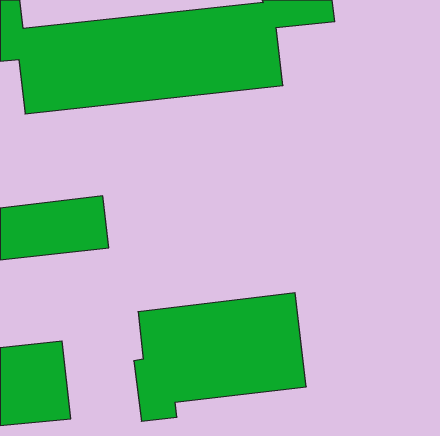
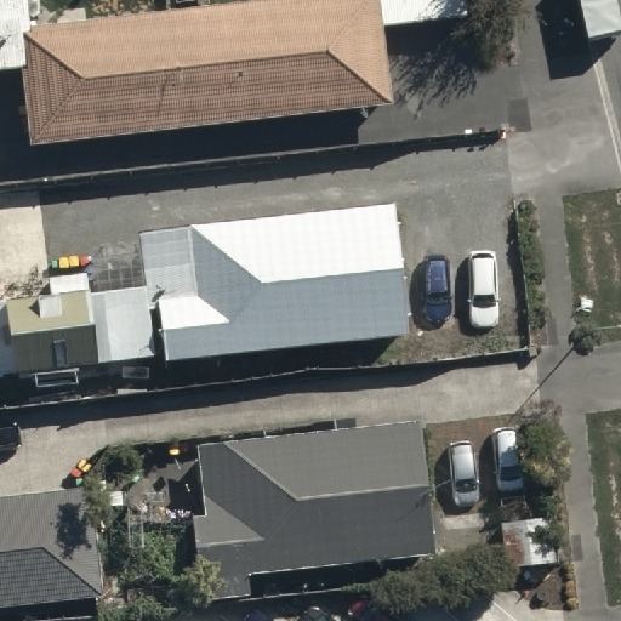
building: none -> [158,201,405,357]

